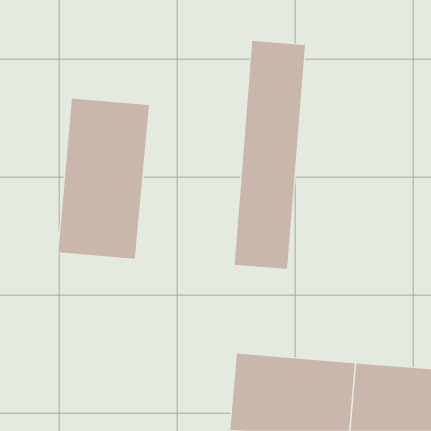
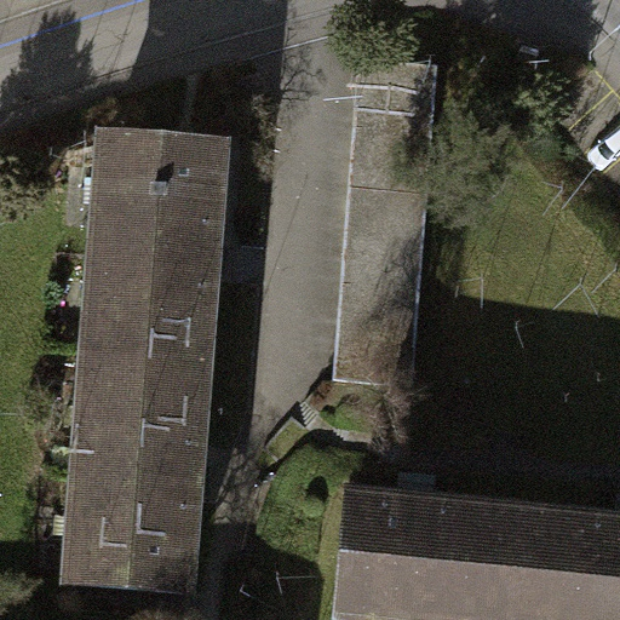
building: none -> [65,361,196,592]

